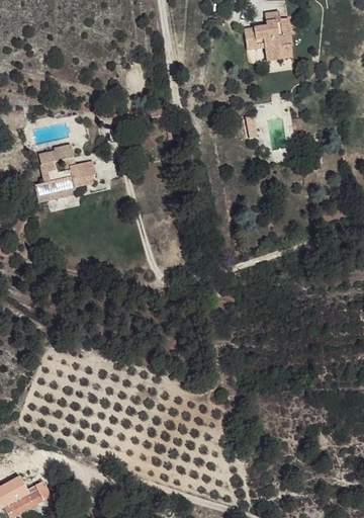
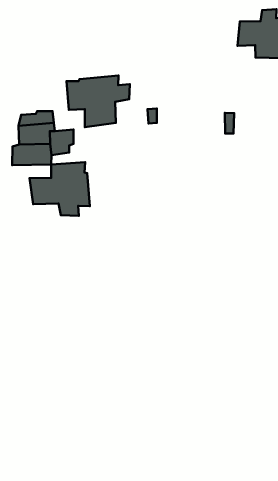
building: none -> [67,75,130,127]
building: none -> [30,162,90,216]

